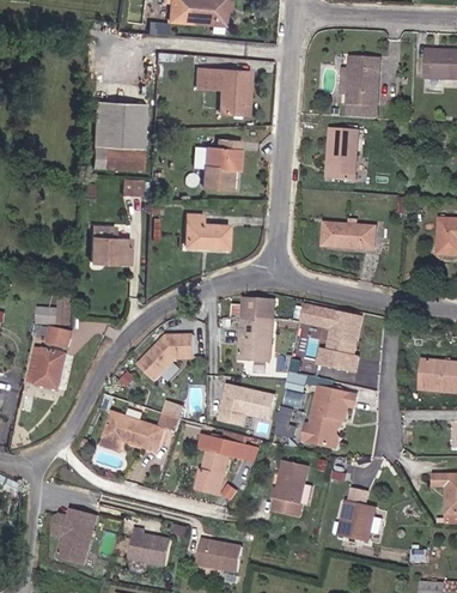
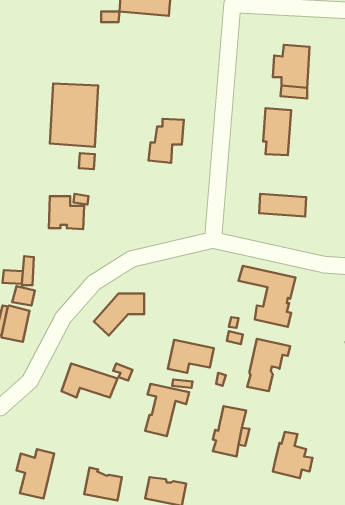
building: [194,68,248,113] -> none
building: [181,213,225,247] -> none
building: [238,298,274,359] -> none

